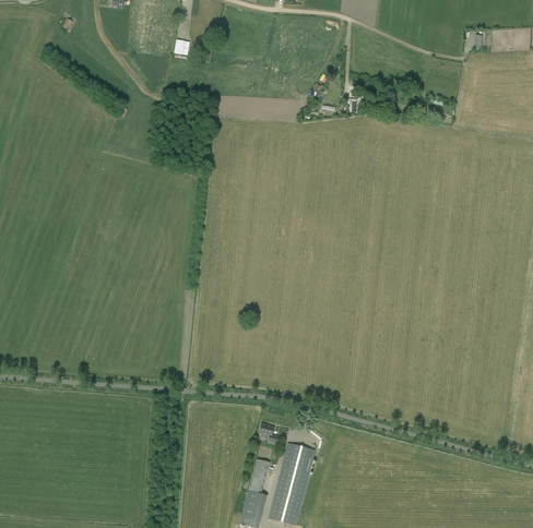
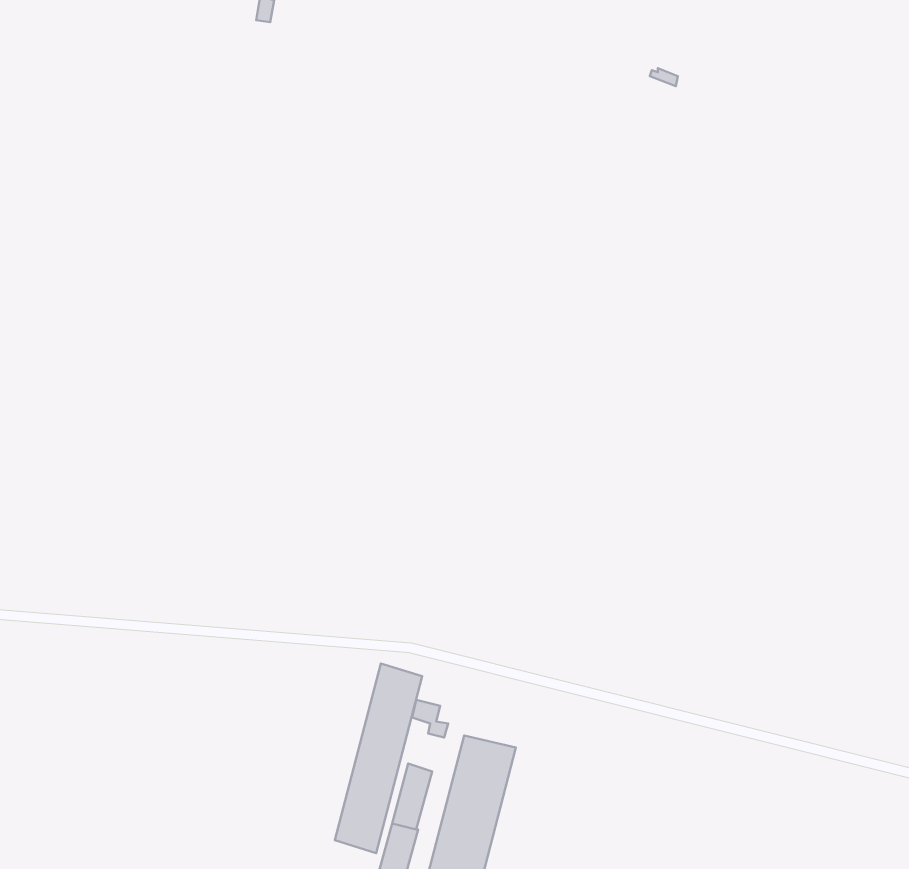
building: none -> [335,663,422,853]

